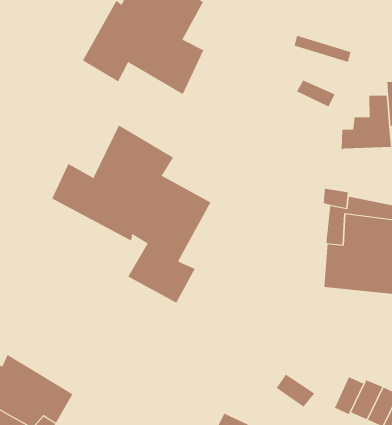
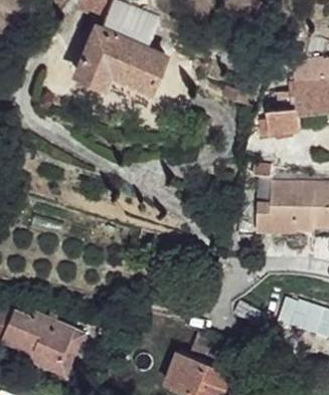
building: [52,124,211,304] -> none

